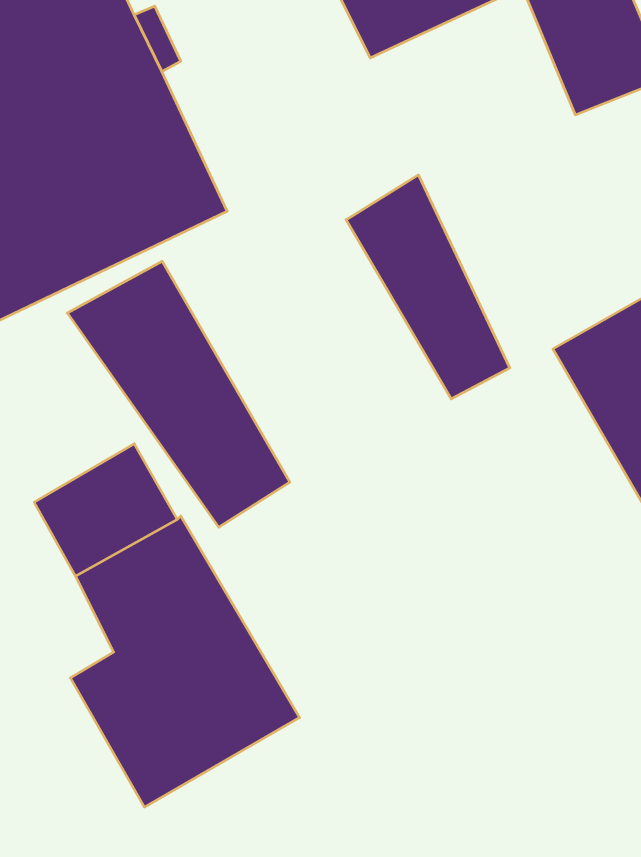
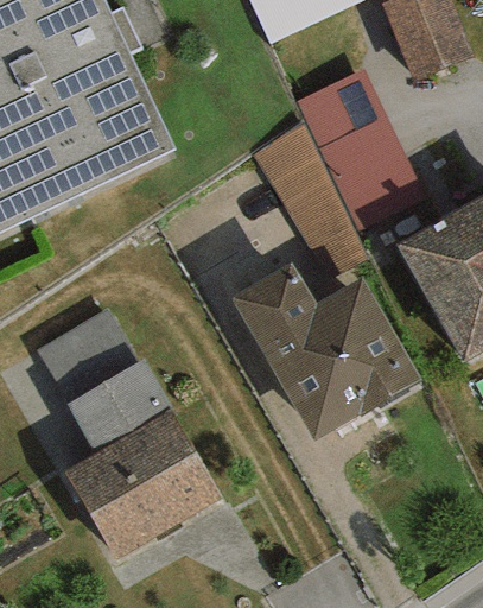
building: none -> [297,68,426,228]
building: [67,261,290,527] -> none
building: none -> [229,259,421,441]

